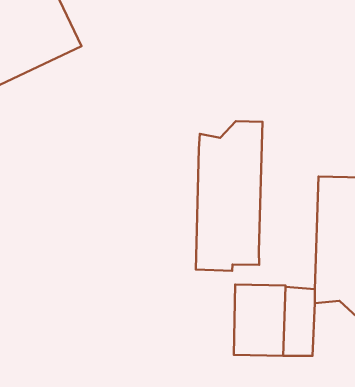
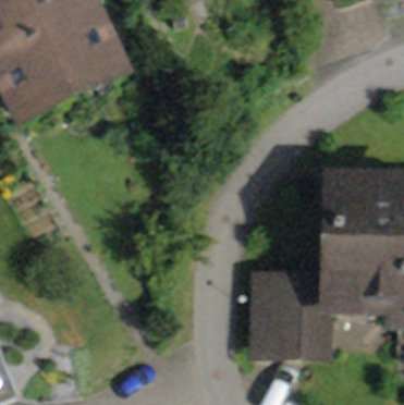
building: [196,121,262,271] -> none

